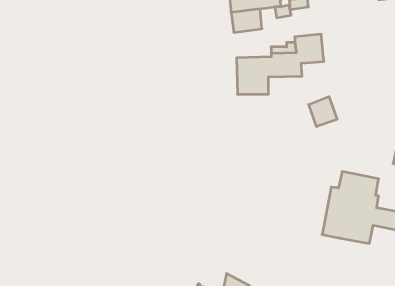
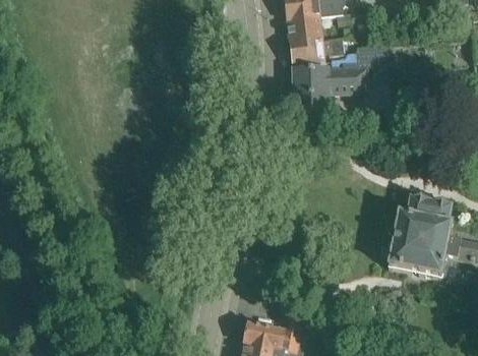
building: none -> [289,36,343,63]
building: [309,97,337,127] -> none

